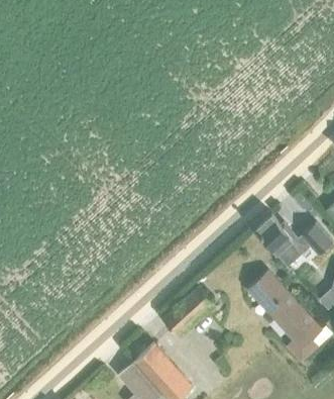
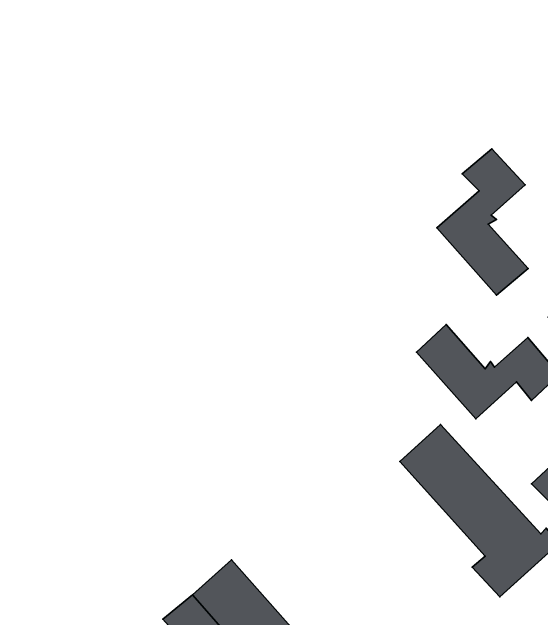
building: none -> [437,149,528,295]
building: [161,287,216,338] -> none

